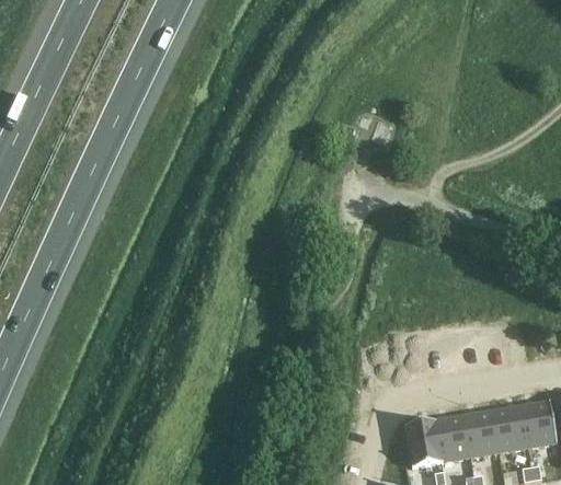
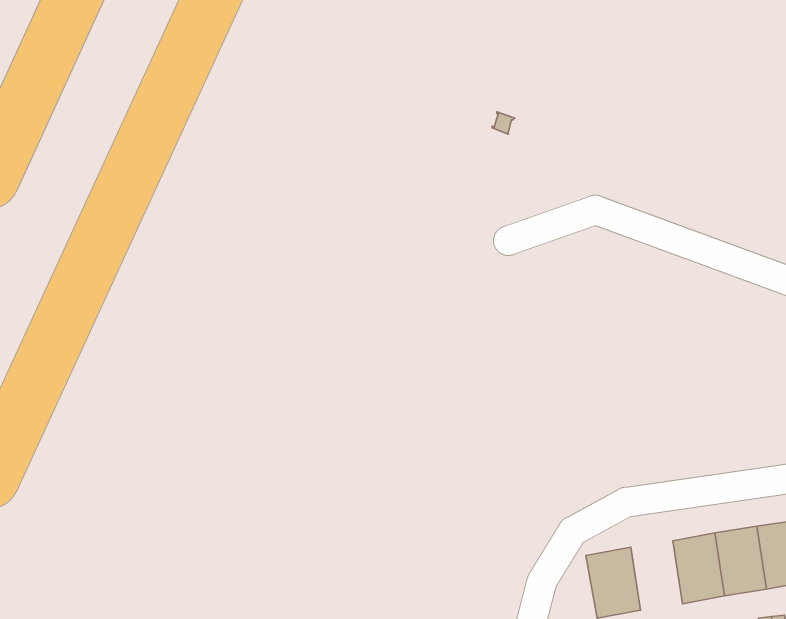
building: [437,414,472,461] -> none

